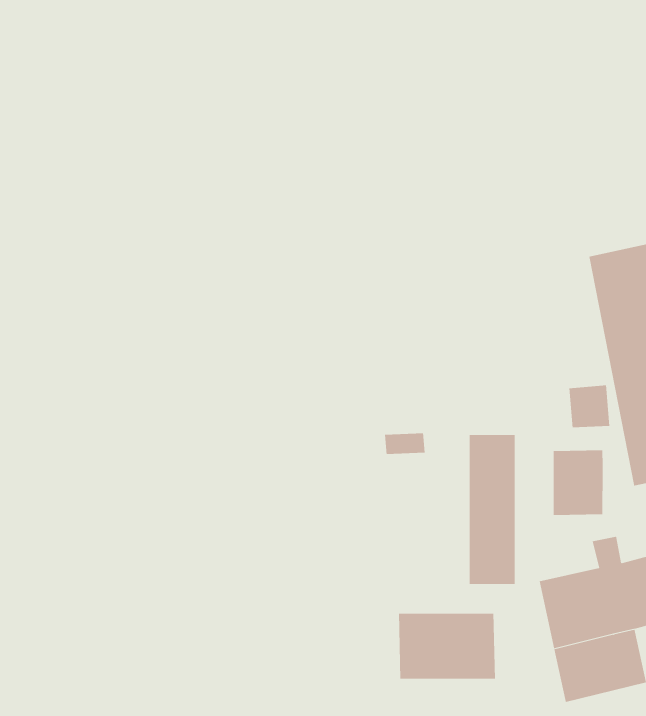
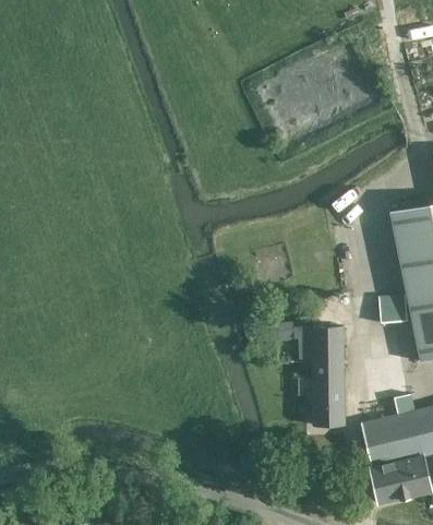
building: [553,450,603,516] -> none
building: [398,613,495,680] -> none

